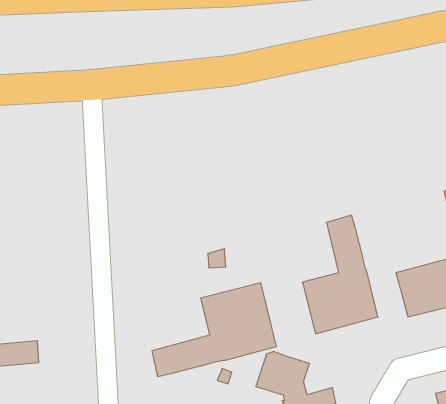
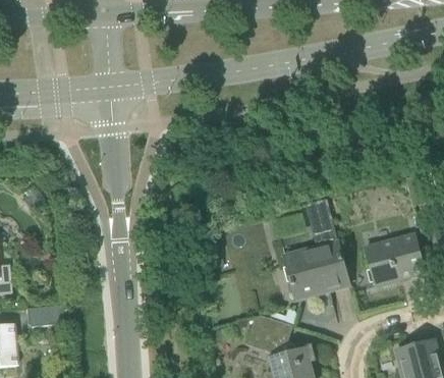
building: [152,283,276,377] -> none

